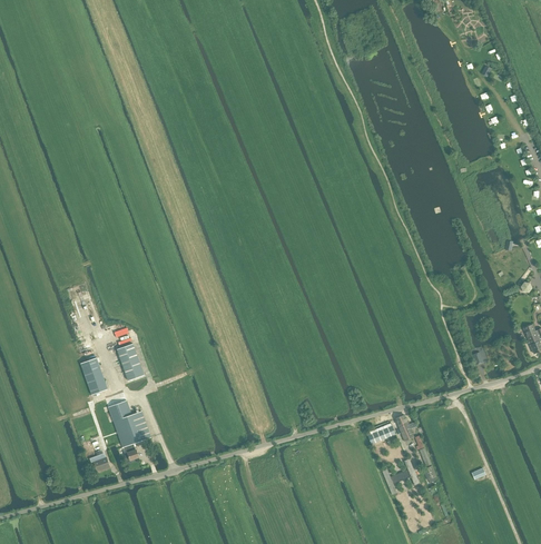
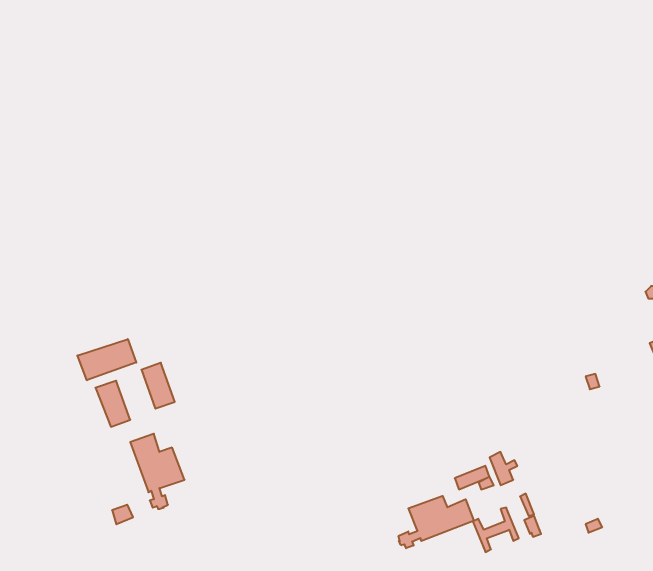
building: none -> [77,339,136,380]
building: none -> [399,496,474,548]

